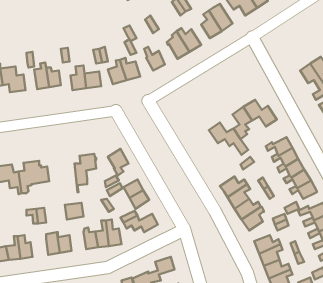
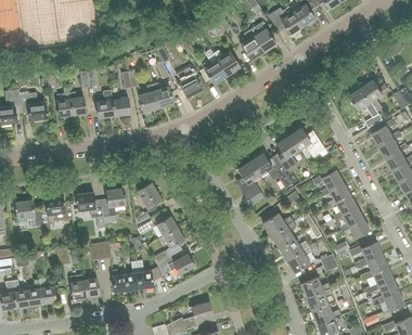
building: none -> [237,162,259,199]
building: none -> [75,191,104,231]

